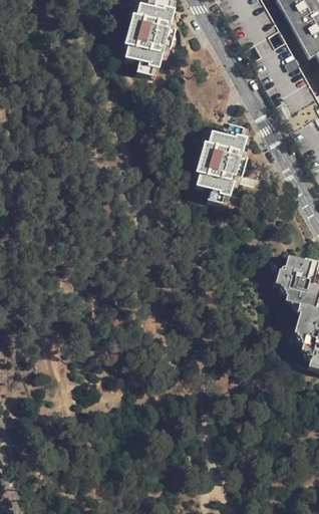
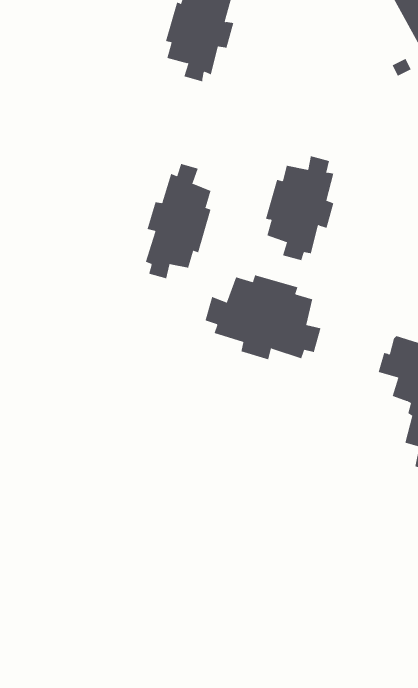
building: none -> [145,163,211,279]
building: none -> [205,274,321,360]

